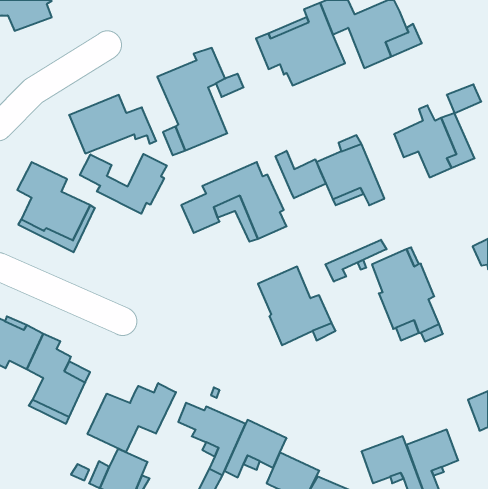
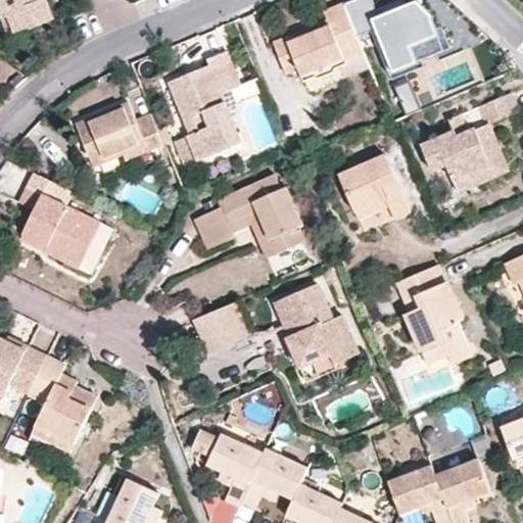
building: [276,151,326,198] -> none
building: [80,154,167,214] -> none
building: [325,240,387,282] -> none
building: none -> [191,300,255,356]
building: [88,383,176,452] -> none

